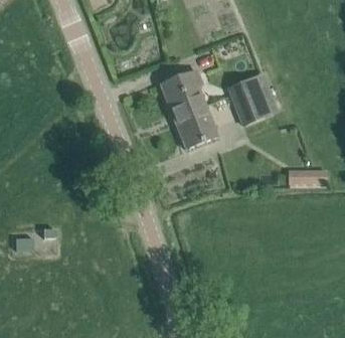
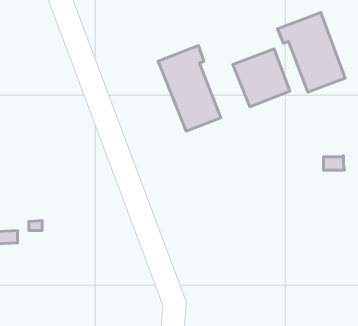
building: none -> [278,13,345,92]

